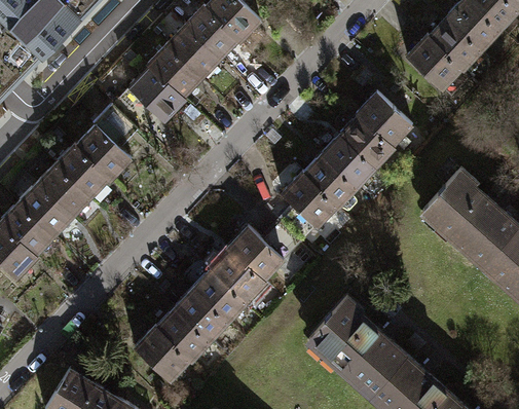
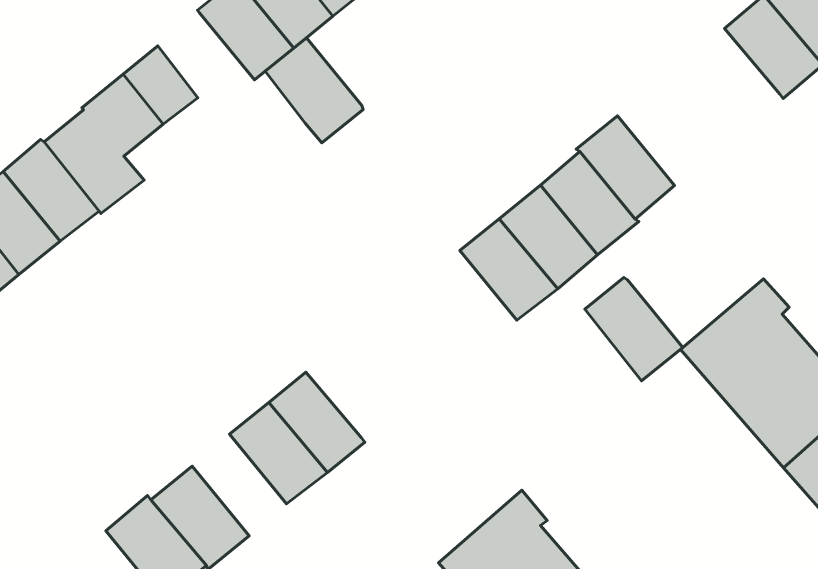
building: [405,38,459,91] -> none
building: [127,68,182,122] -> [265,38,363,143]
building: [281,175,335,228] -> [585,277,683,381]
building: [226,227,282,282] -> none
building: [175,289,227,341] -> none

